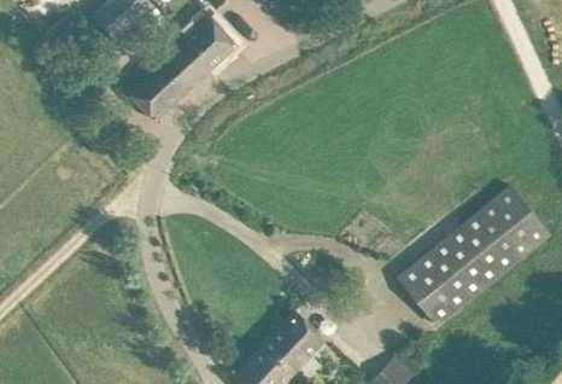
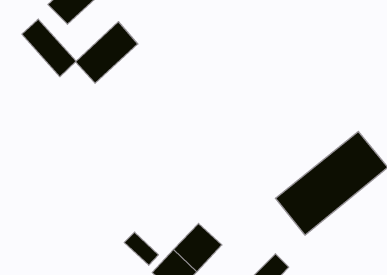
building: [186,16,235,66] -> none
building: none -> [22,19,76,77]
building: none -> [124,232,158,265]

